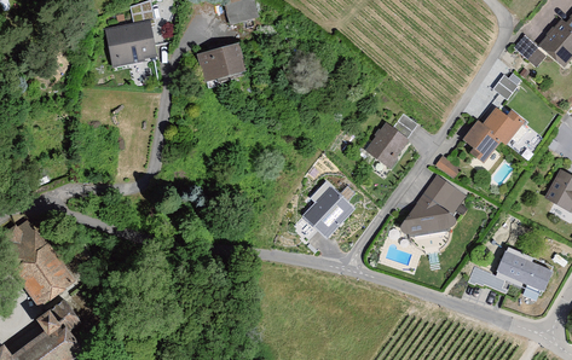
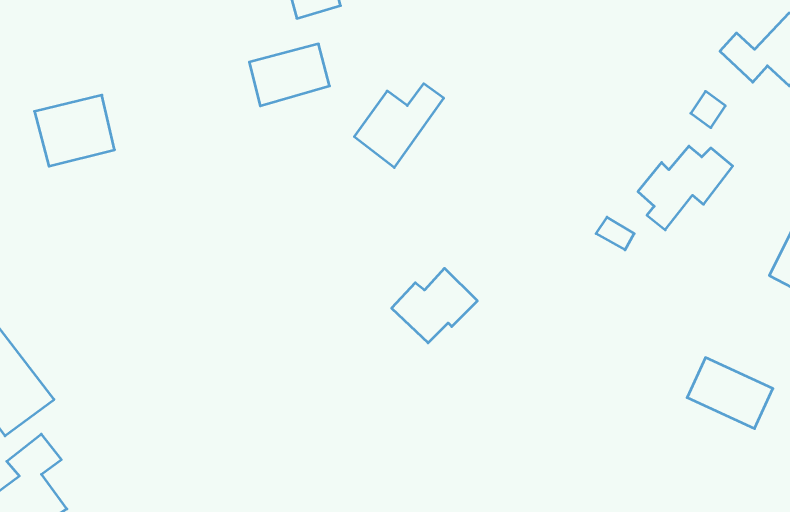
building: [110,19,163,66] -> [34,95,115,166]
building: [358,115,417,170] -> [354,84,444,168]
building: [395,173,466,236] -> none

